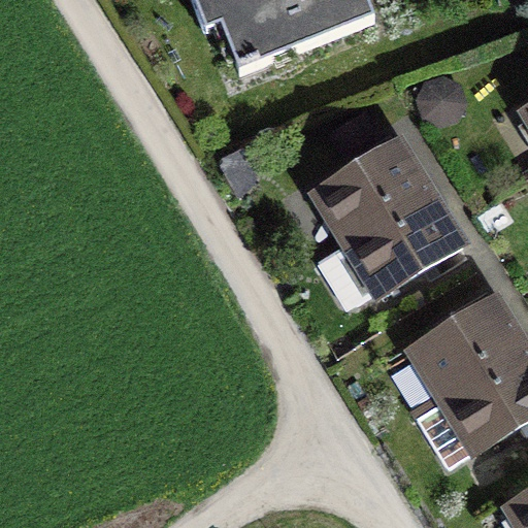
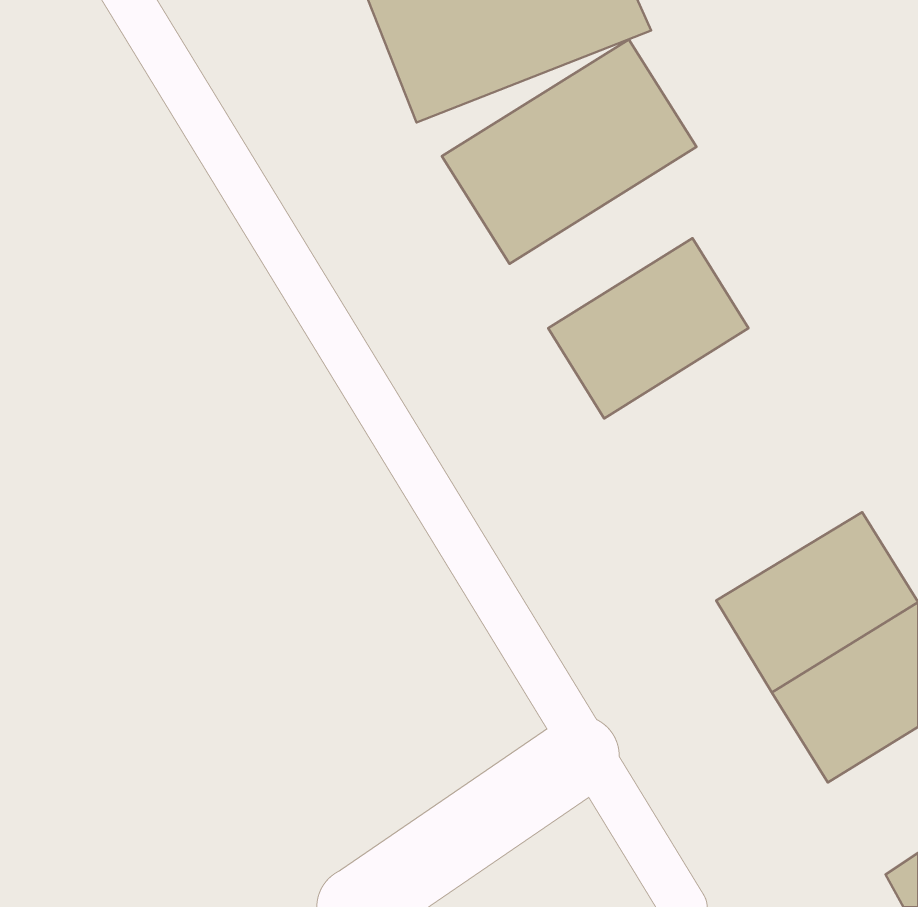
building: none -> [442,39,696,264]
building: [321,188,461,298] -> none

